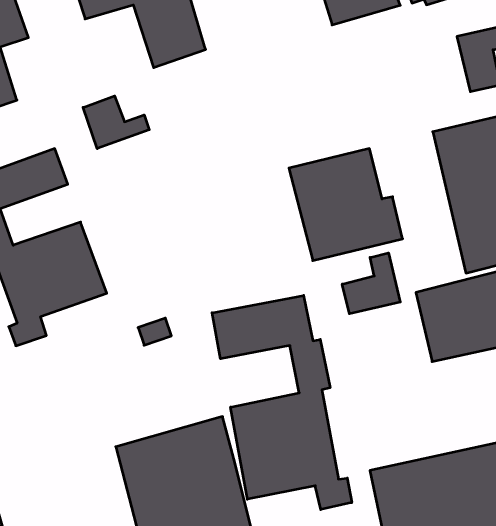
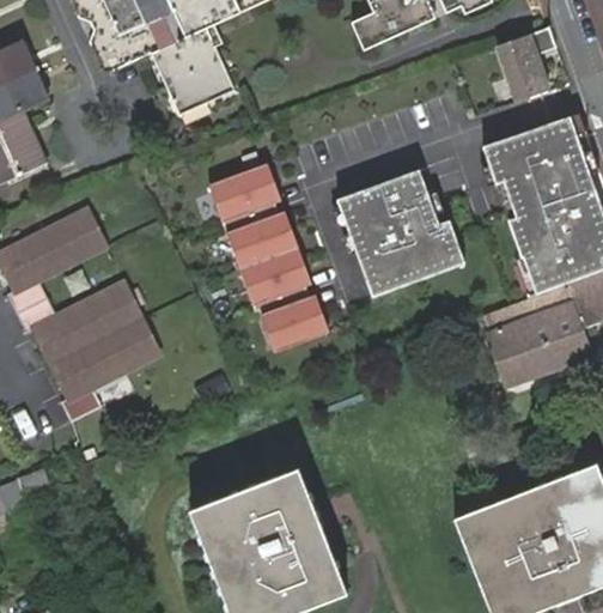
building: [83,96,149,149] -> none
building: none -> [215,164,330,358]
building: [342,253,400,314] -> none
building: [212,295,352,510] -> none

